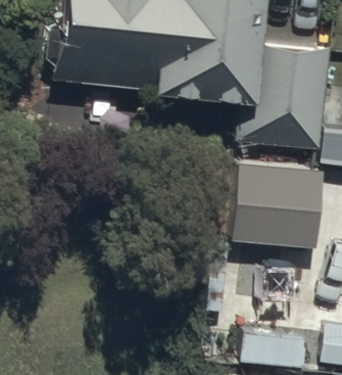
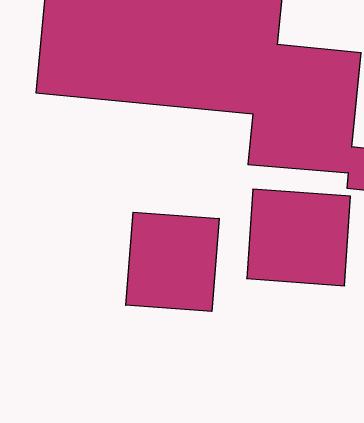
building: none -> [126,212,219,311]

